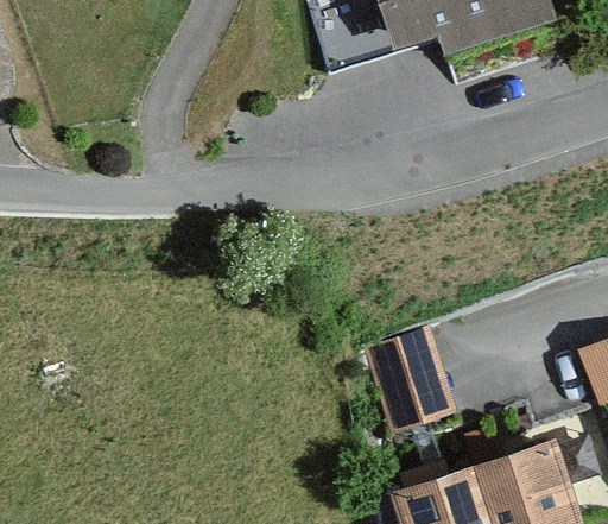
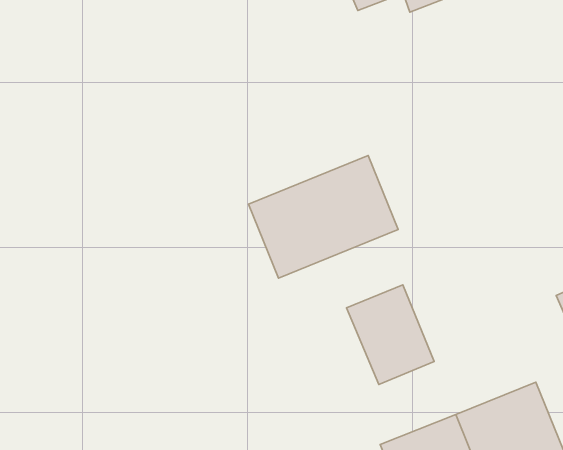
building: none -> [248,155,398,278]

